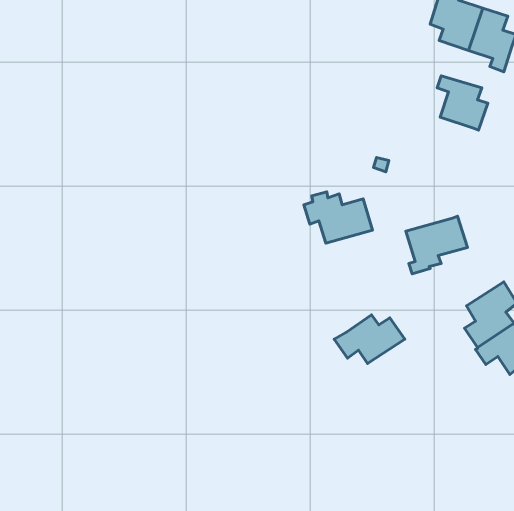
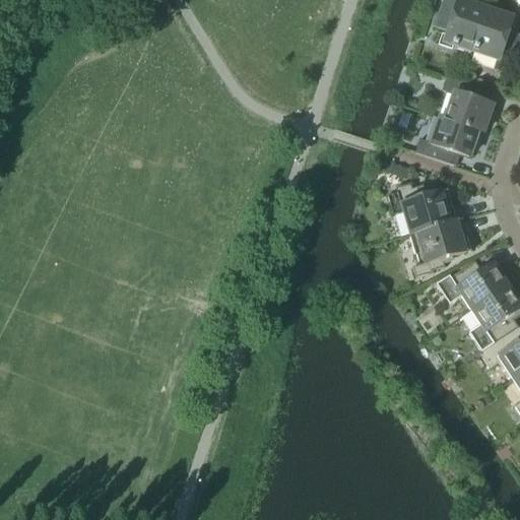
building: none -> [415,116,478,165]
building: [304,192,372,243] -> [388,181,457,233]
building: [334,315,405,363] -> [438,259,509,308]

